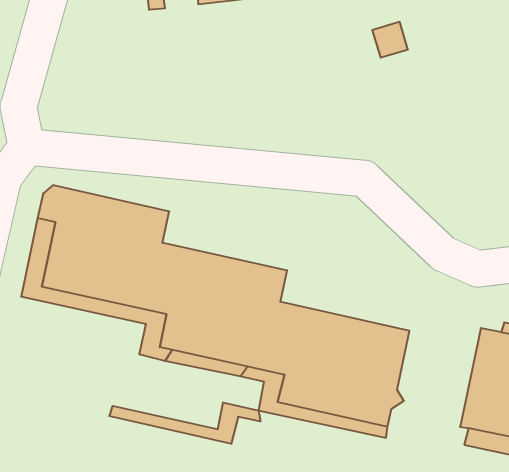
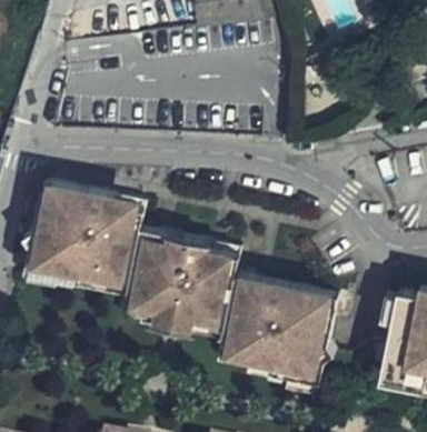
building: [109,402,261,444] -> none

